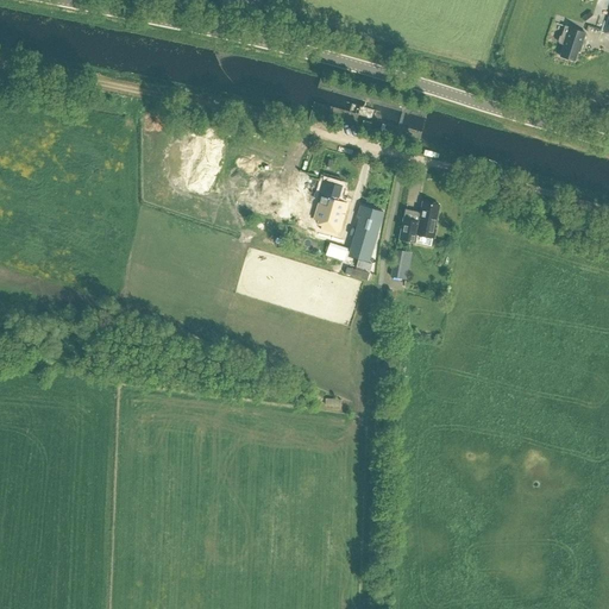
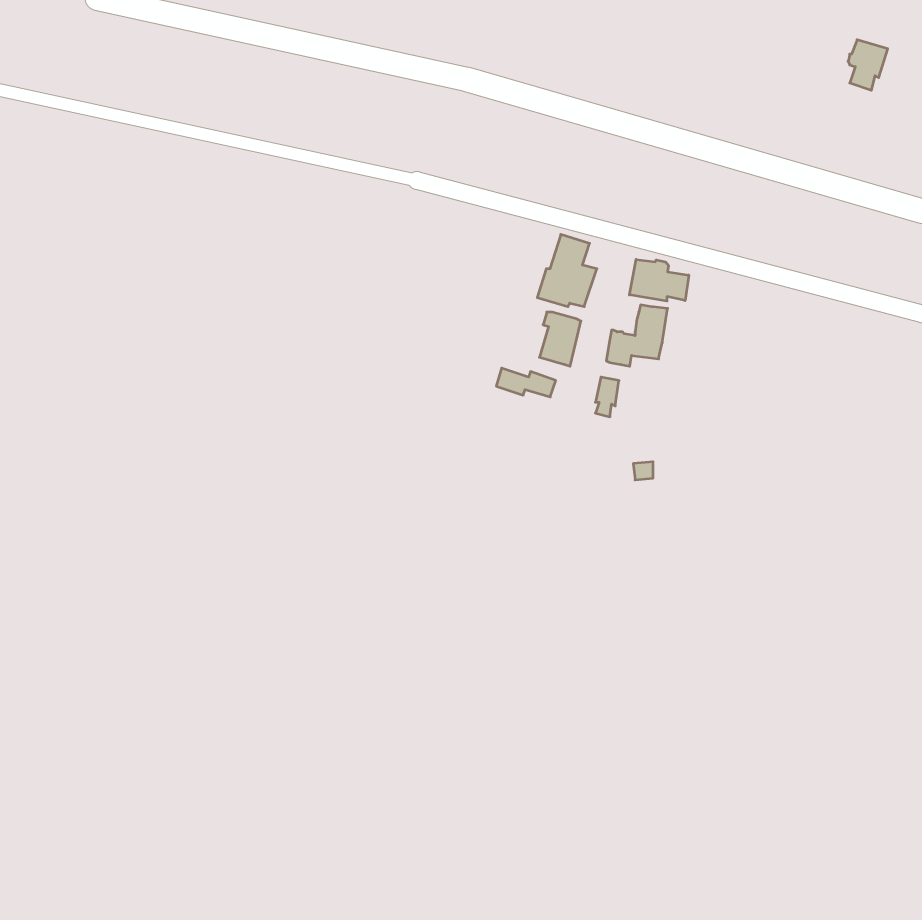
building: none -> [629,259,689,301]
building: [308,180,347,227] -> [537,234,597,307]

